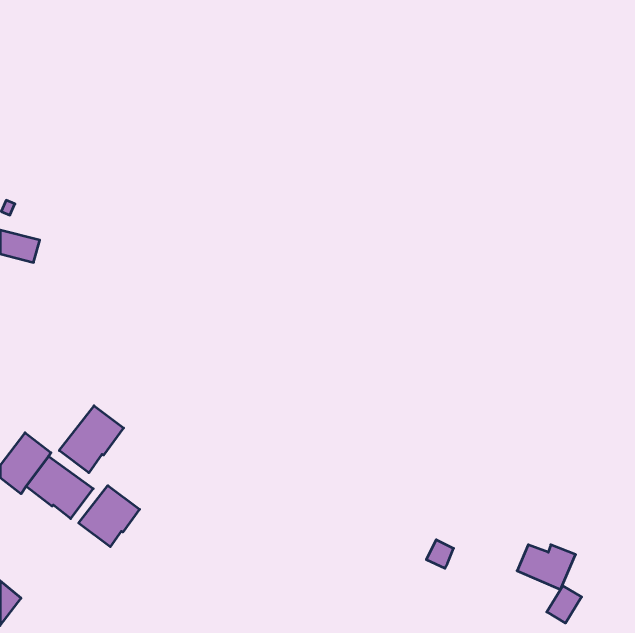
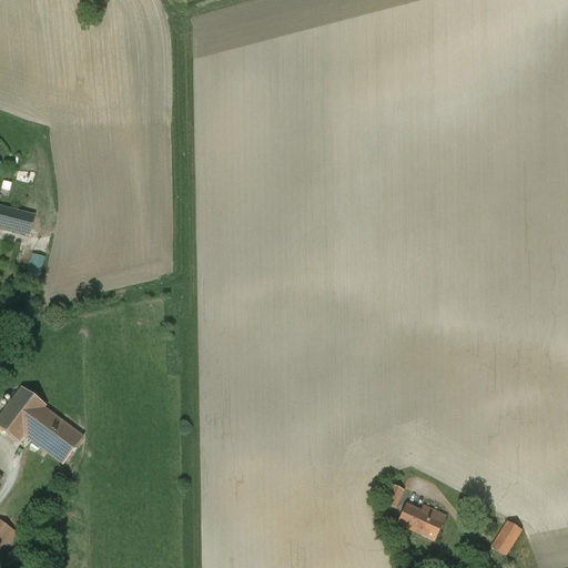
building: [59,406,124,473] -> none
building: [79,486,140,547] -> none
building: [517,545,576,589] -> [395,500,447,540]

